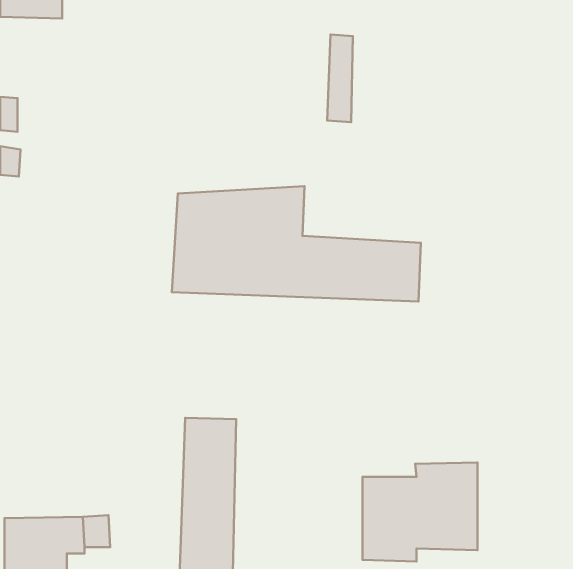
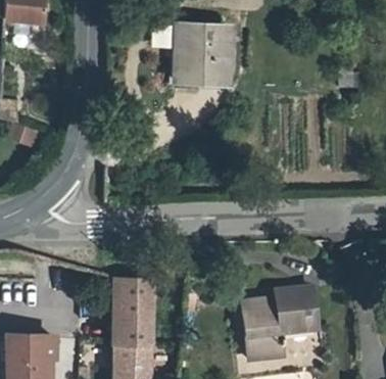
building: none -> [179,26,213,82]
building: [172,186,421,301] -> none

